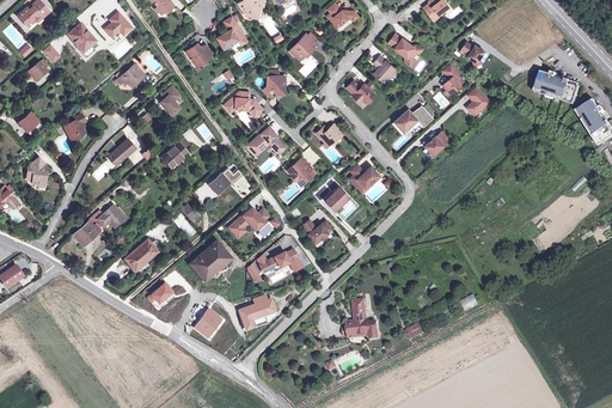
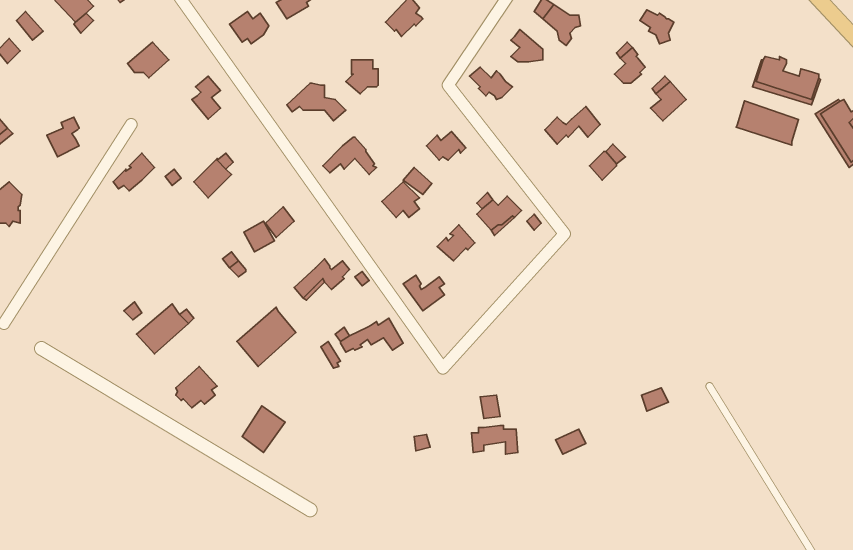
building: none -> [736,101,798,145]
building: [73,206,123,244] -> none
building: [238,294,277,333] -> none

